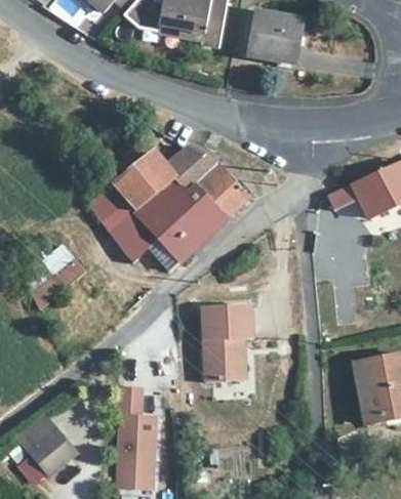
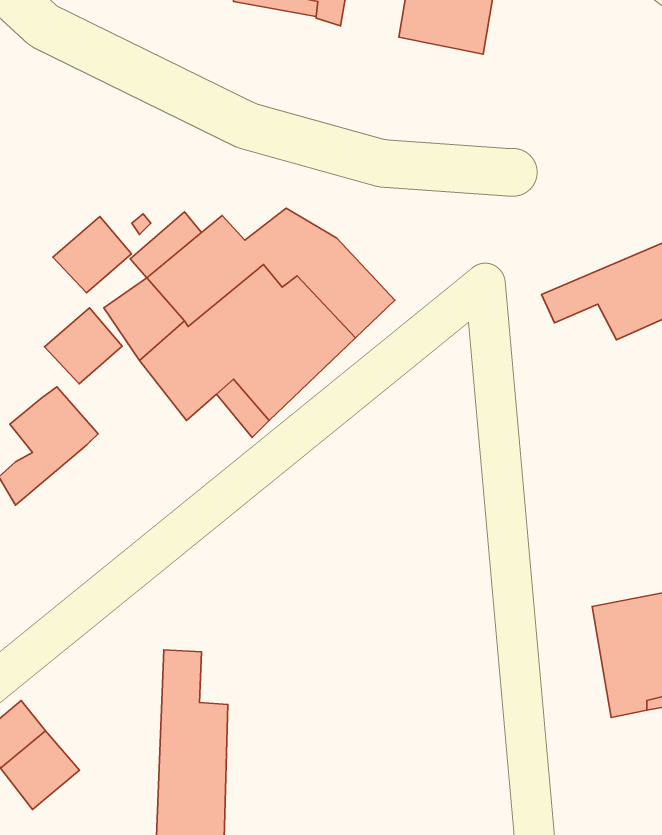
building: none -> [53,216,131,293]
building: none -> [44,308,122,384]
building: [202,308,251,383] -> none

